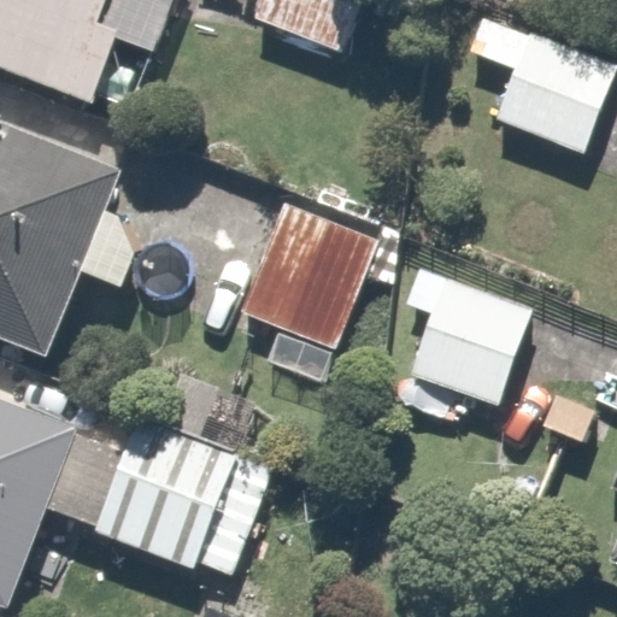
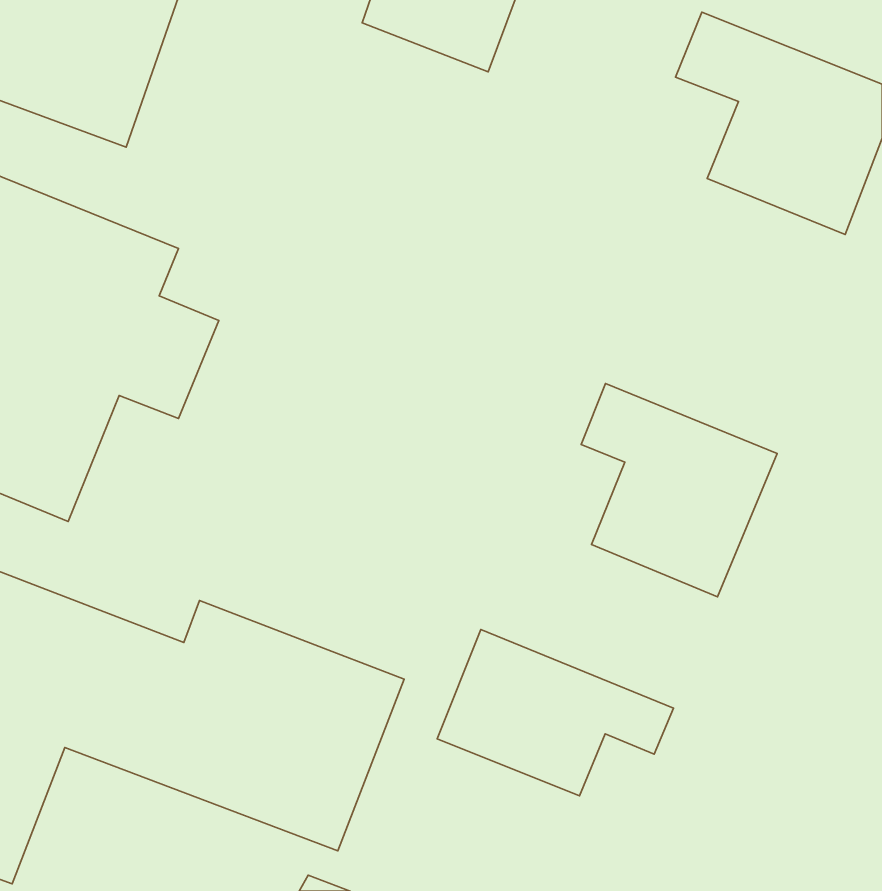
building: [241,200,405,375] -> none
building: none -> [437,629,673,796]

